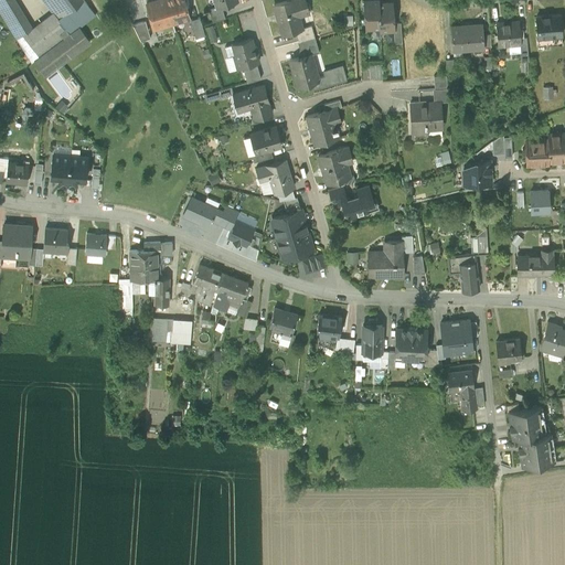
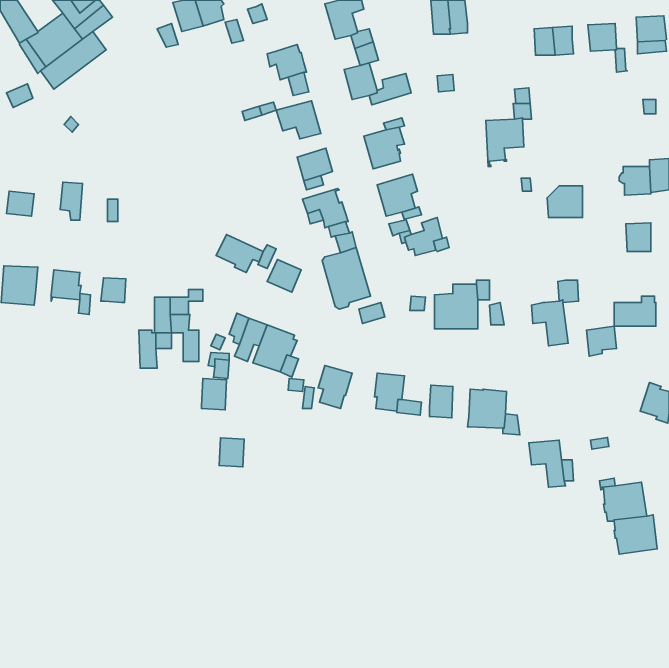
building: [67,156,87,188] -> none
building: [150,319,171,343] -> [219,438,244,467]
building: [439,319,473,354] -> none
building: [495,340,521,365] -> [587,326,617,356]

